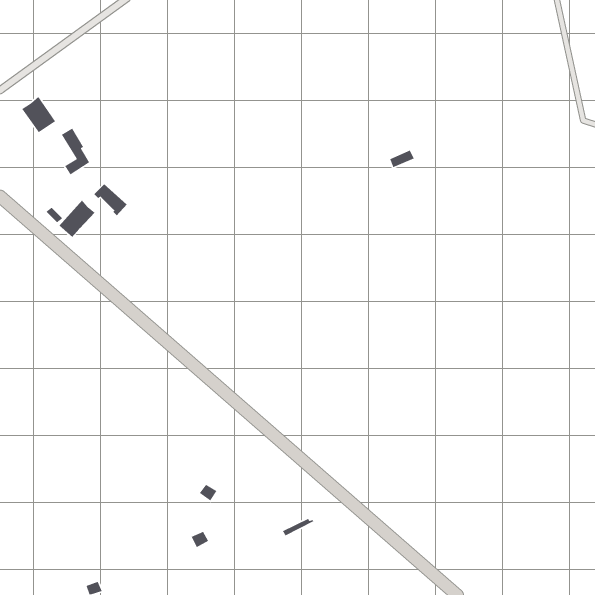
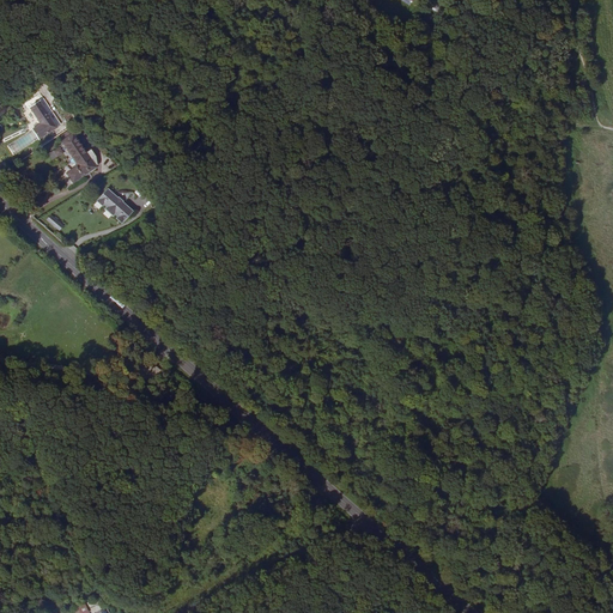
building: [59,200,95,238] -> none

